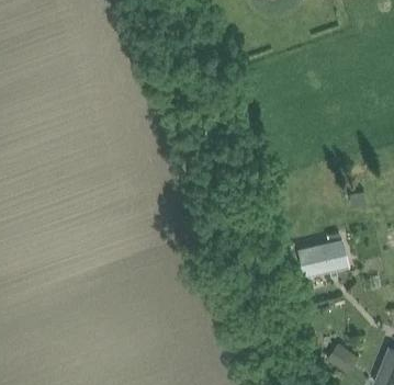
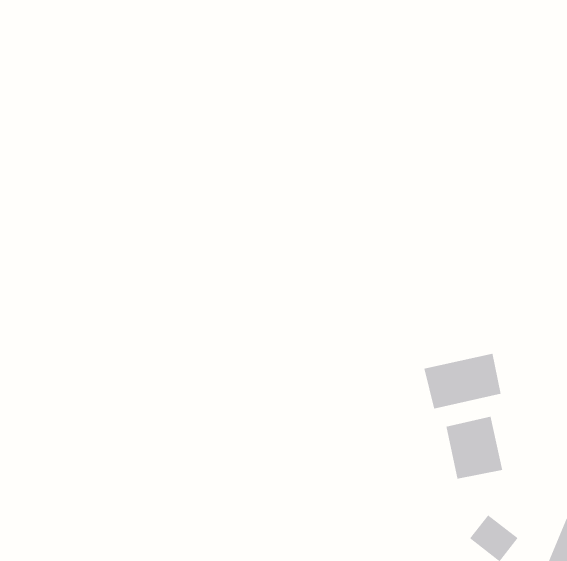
building: none -> [446,416,503,479]

